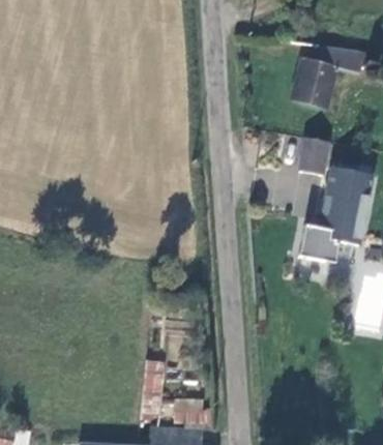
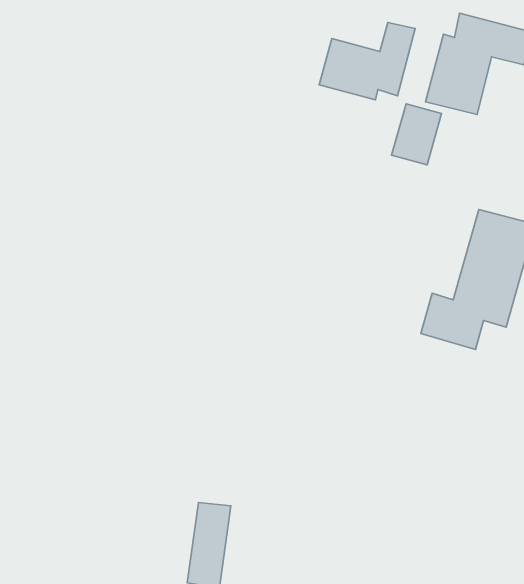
building: none -> [319,23,415,100]
building: [298,135,330,174] -> [392,104,442,165]

